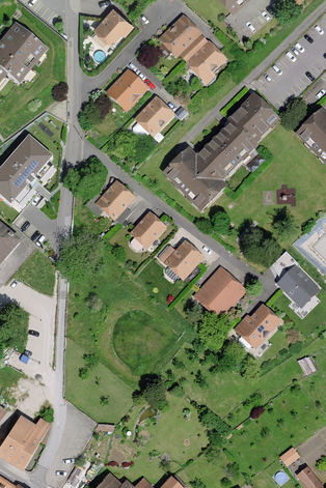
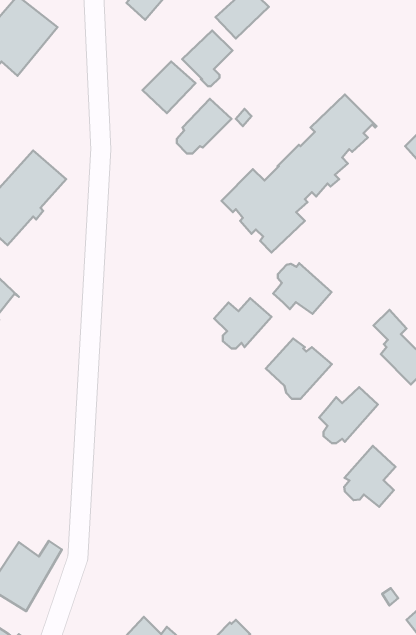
building: [188,44,224,84] -> [182,30,232,86]
building: [99,182,133,218] -> none
building: [131,213,164,248] -> none
building: none -> [273,263,331,314]
building: none -> [344,446,396,507]

